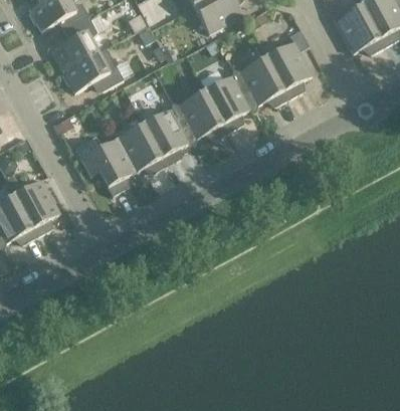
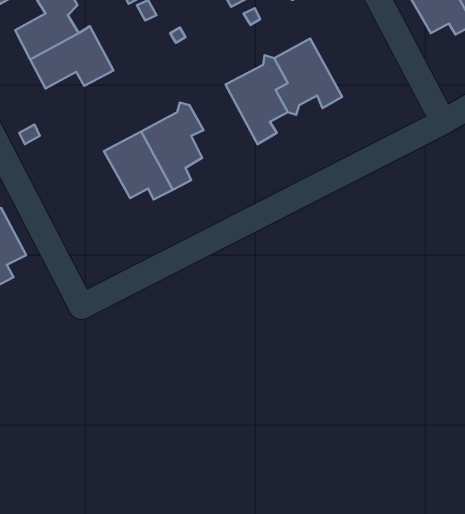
building: [264,40,311,97] -> none
building: [177,88,226,144] -> none
building: [79,137,134,194] -> none

